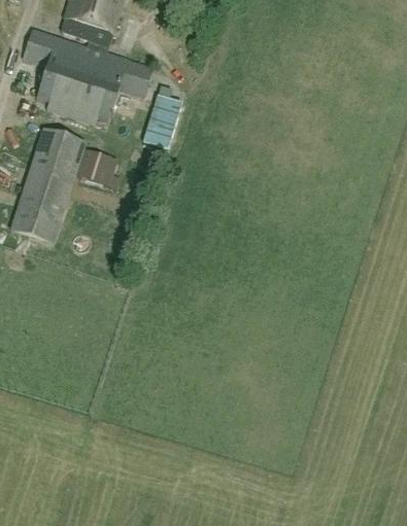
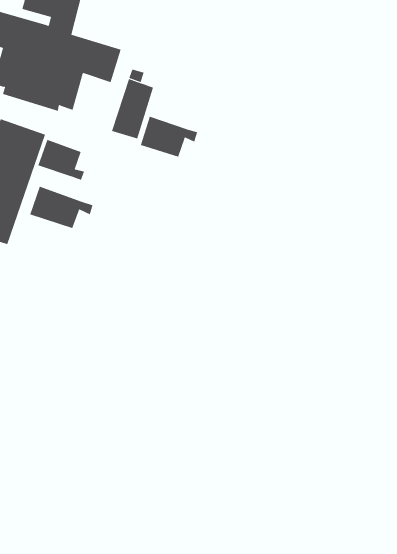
building: none -> [140,116,198,157]
building: none -> [30,186,93,229]

